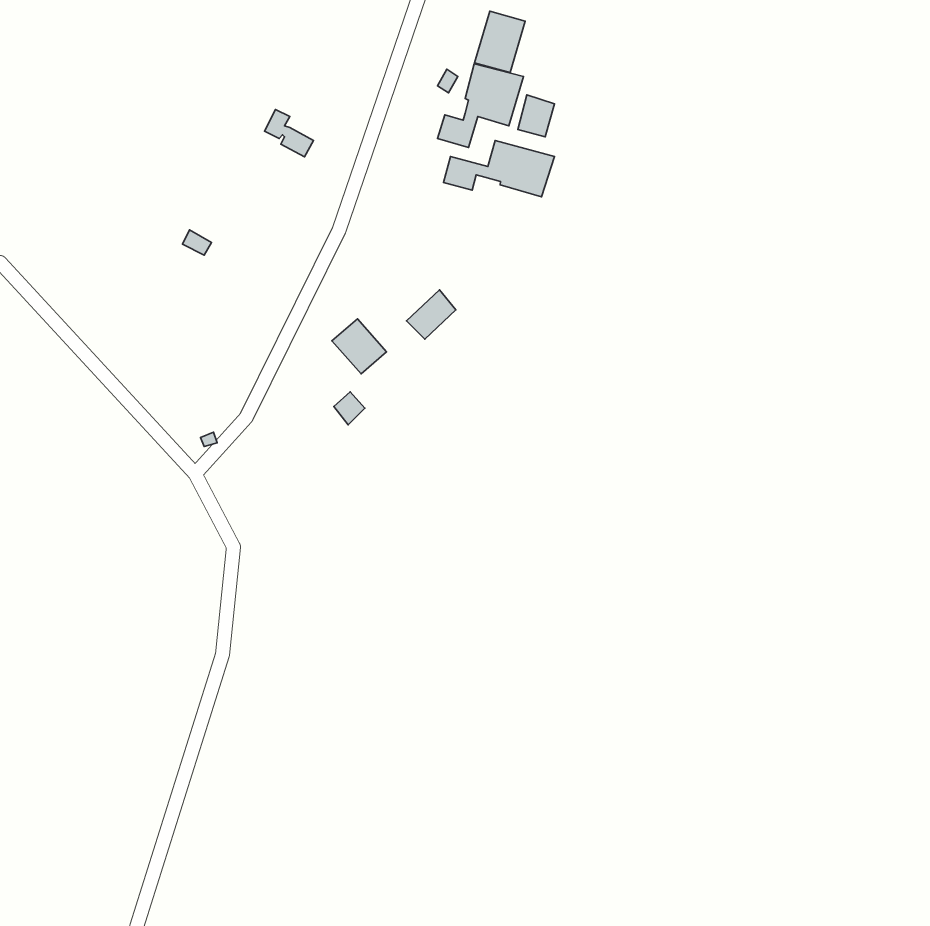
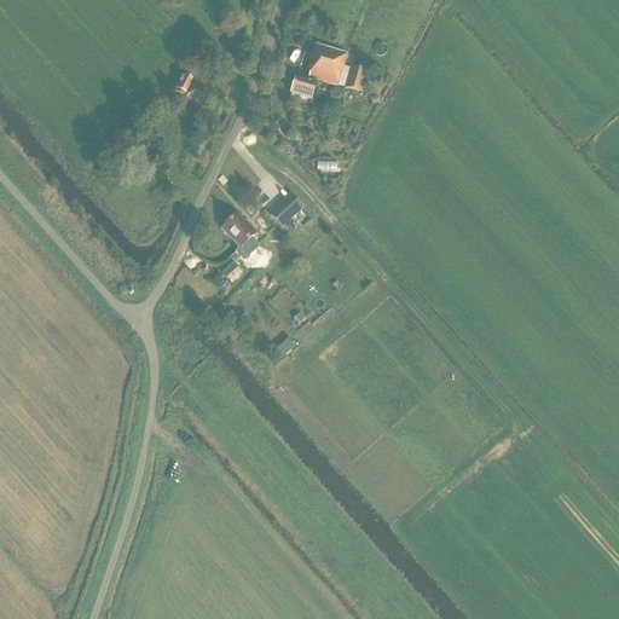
building: [475,11,525,73] -> none
building: [443,141,555,197] -> none

